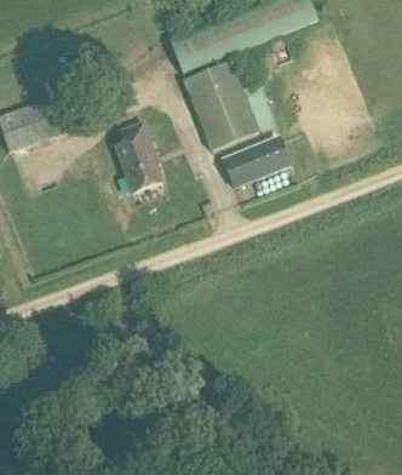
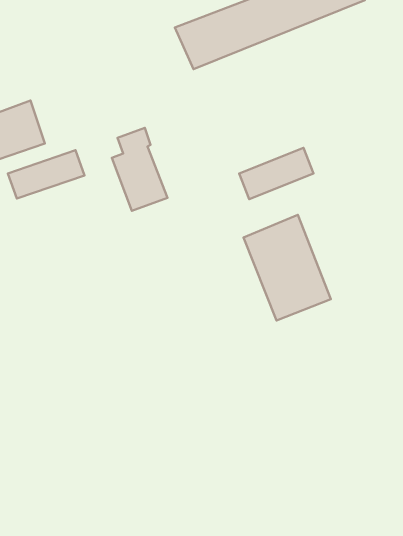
building: [184,61,258,150] -> [244,215,331,321]
building: none -> [8,150,84,199]

